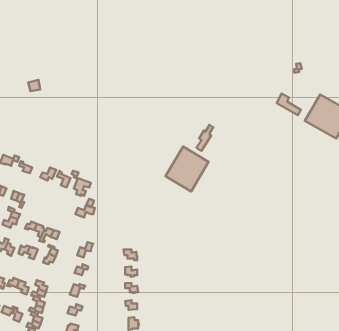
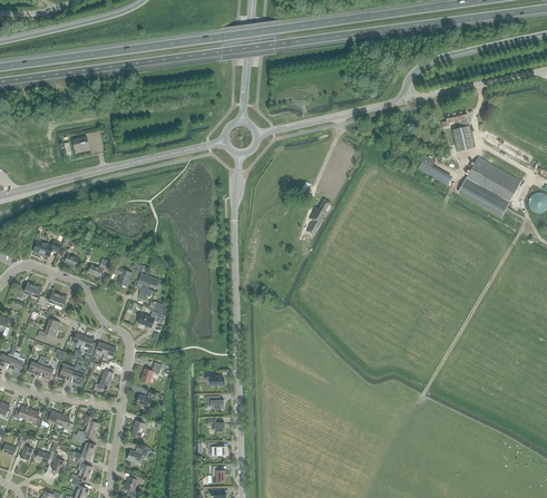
building: none -> [452,110,473,152]
building: [166,147,209,192] -> none

